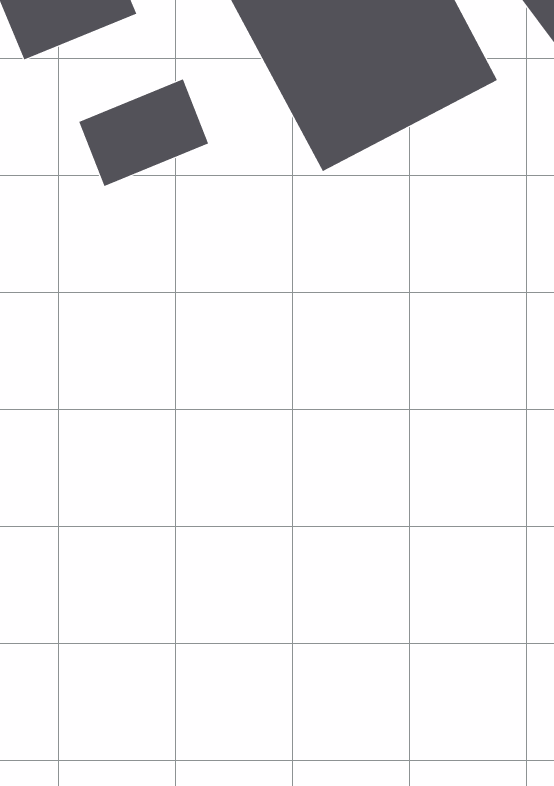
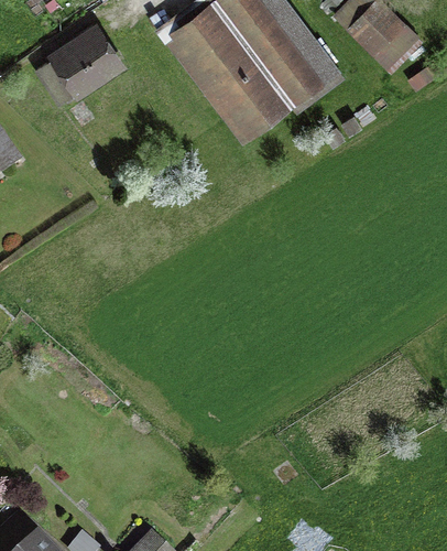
building: [78,79,209,187] -> none

